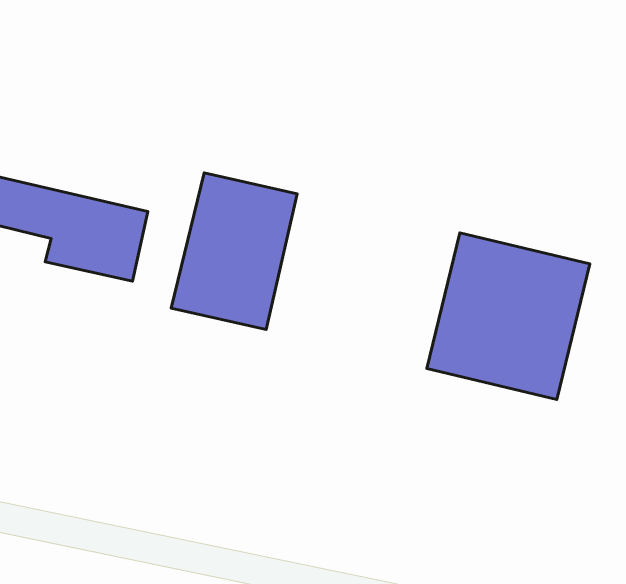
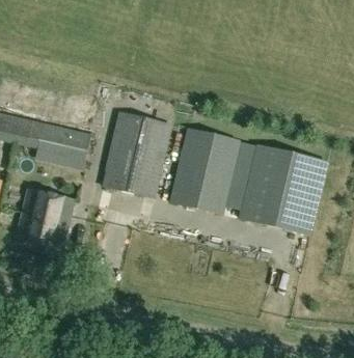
building: none -> [170,129,238,213]
building: none -> [15,188,73,251]

